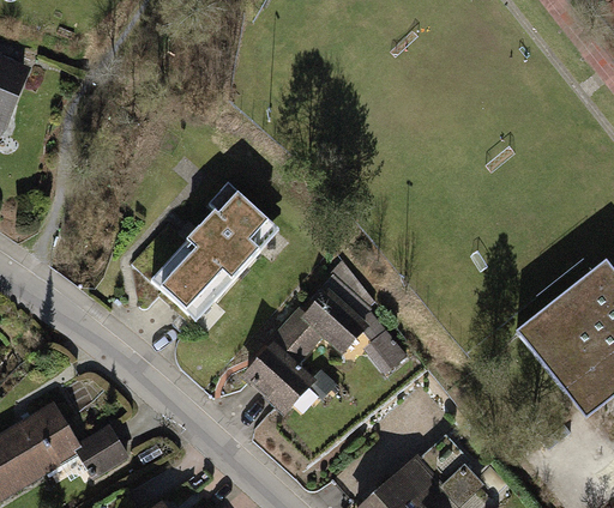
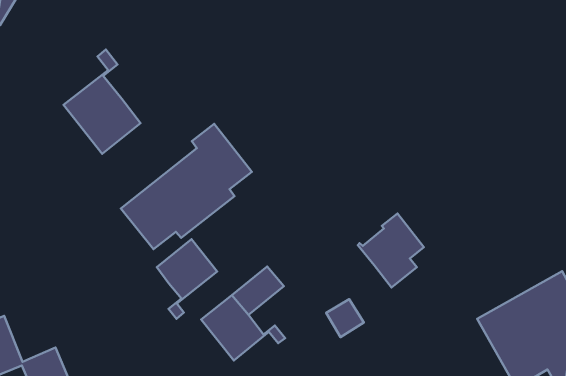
building: none -> [63,49,140,154]
building: [303,277,368,350] -> [358,214,424,287]
building: none -> [157,239,217,319]

